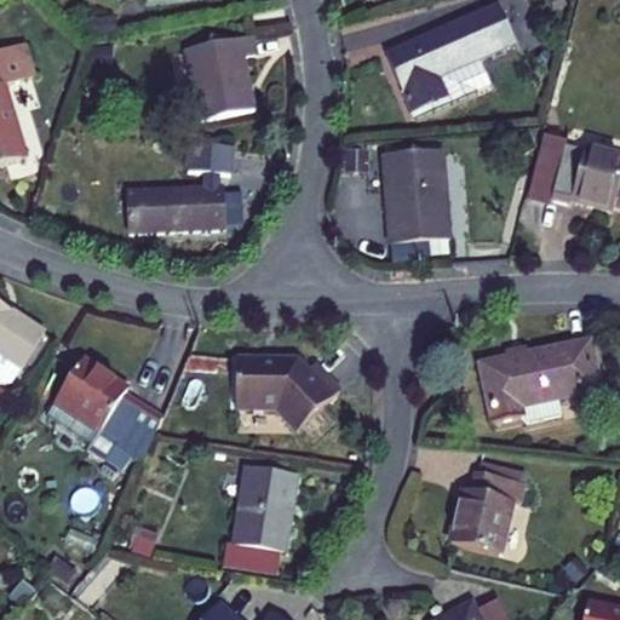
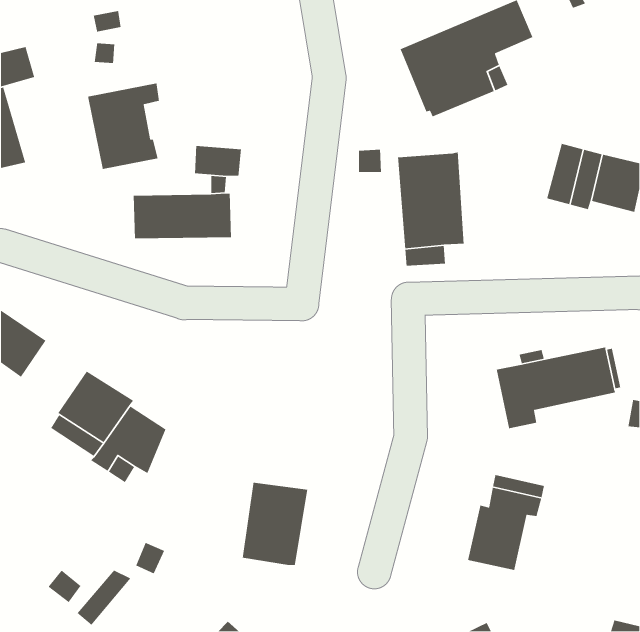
building: [186,31,257,116] -> [87,82,160,170]
building: [234,352,338,429] -> none
building: [223,539,280,572] -> none

